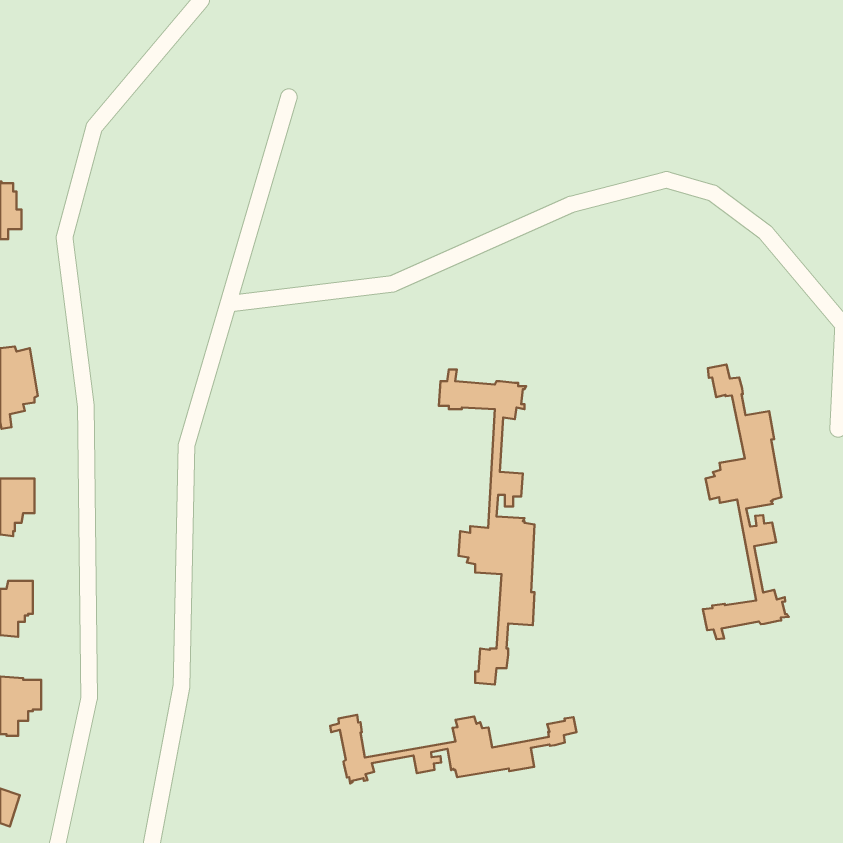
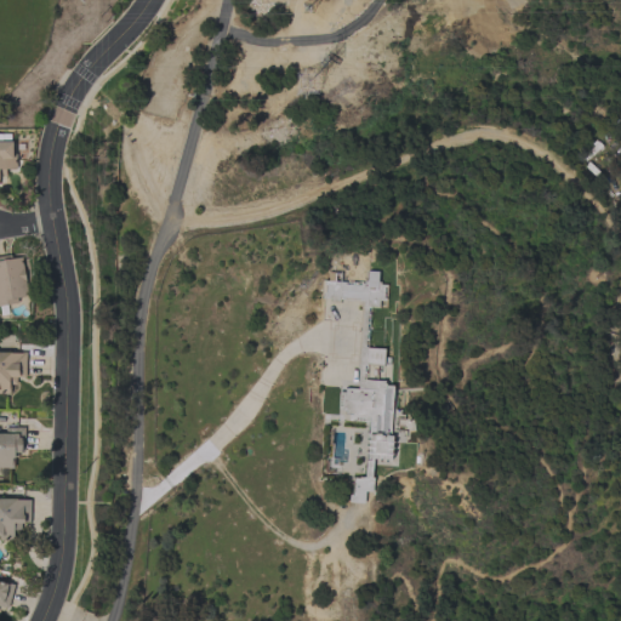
building: [703,365,789,639] -> none
building: [330,715,576,784] -> none

